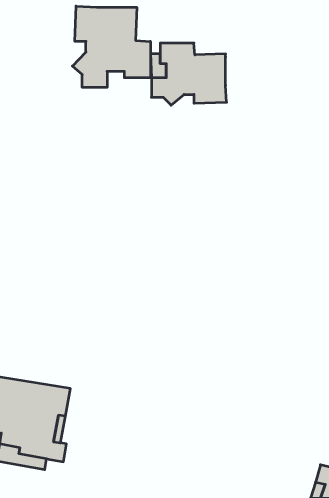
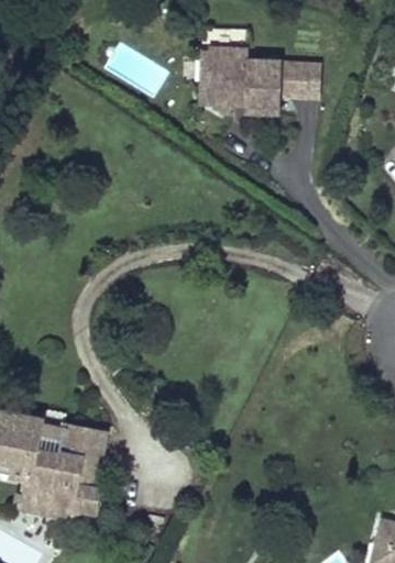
building: [72,6,150,87] -> none
building: none -> [279,63,319,96]

